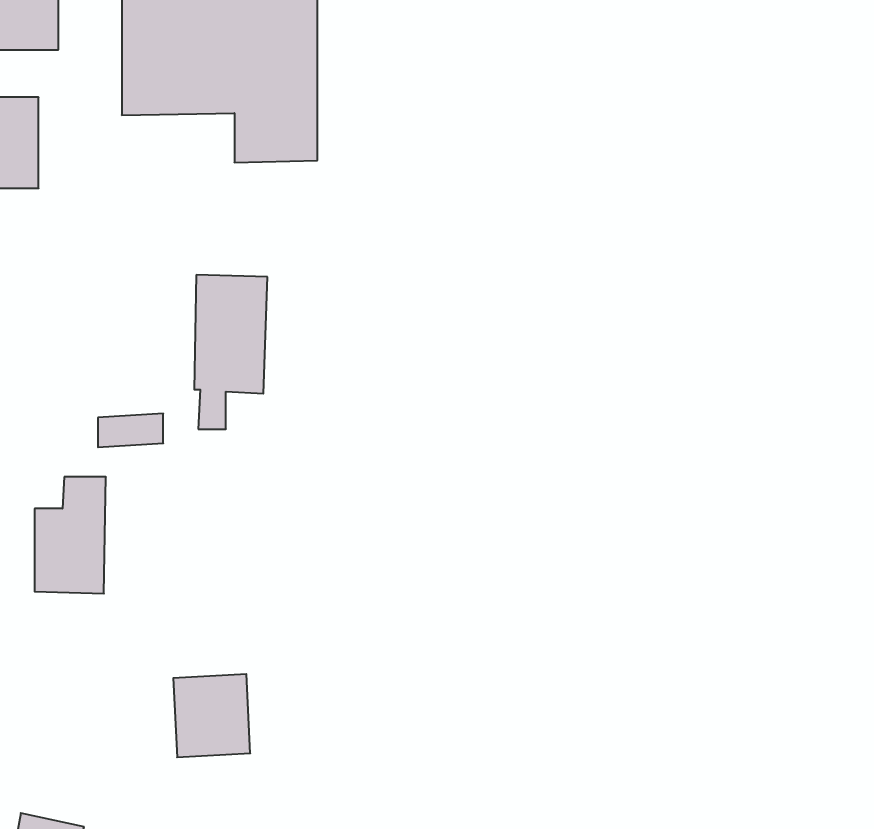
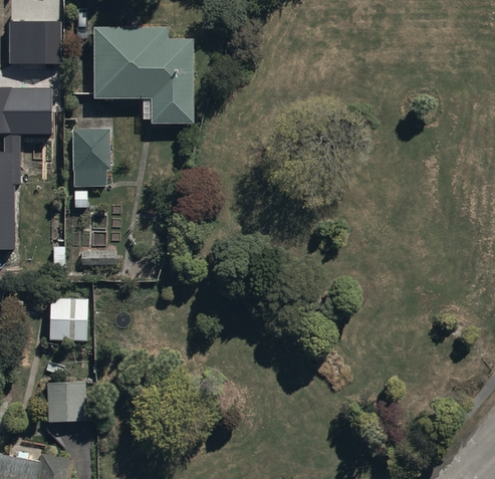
building: [194,275,267,429] -> [71,129,108,207]
building: [173,674,250,757] -> [46,380,85,422]

